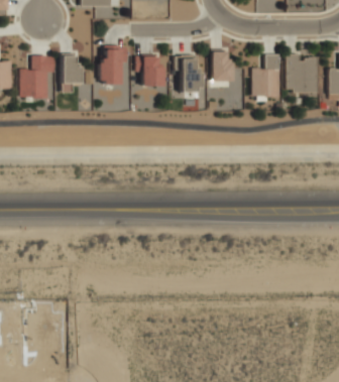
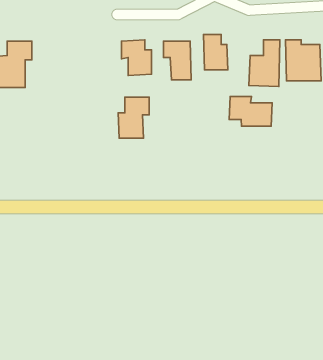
building: [99,46,127,84] -> [118,97,149,138]
building: [62,53,81,93] -> none
building: none -> [229,96,272,126]

